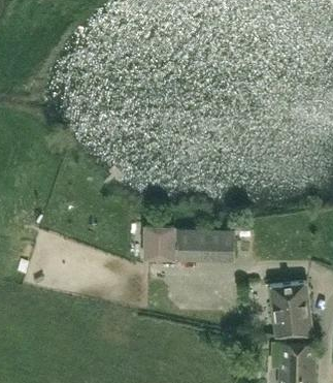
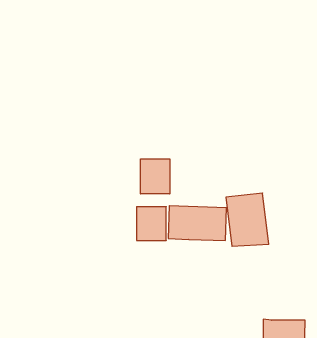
building: none -> [141,159,170,194]
building: [269,284,312,338] -> [226,193,269,246]

